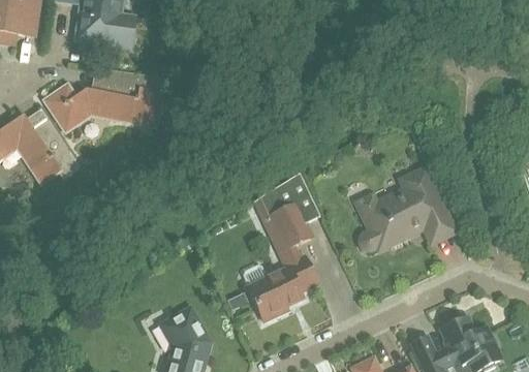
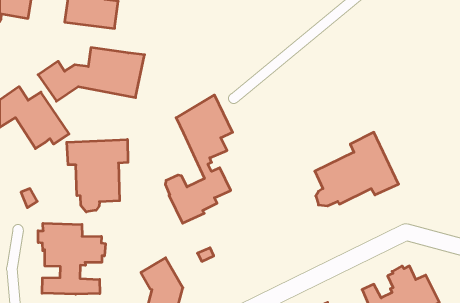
building: [243,174,319,319] -> [165,95,233,223]
building: none -> [67,139,128,212]
building: none -> [38,223,105,294]

